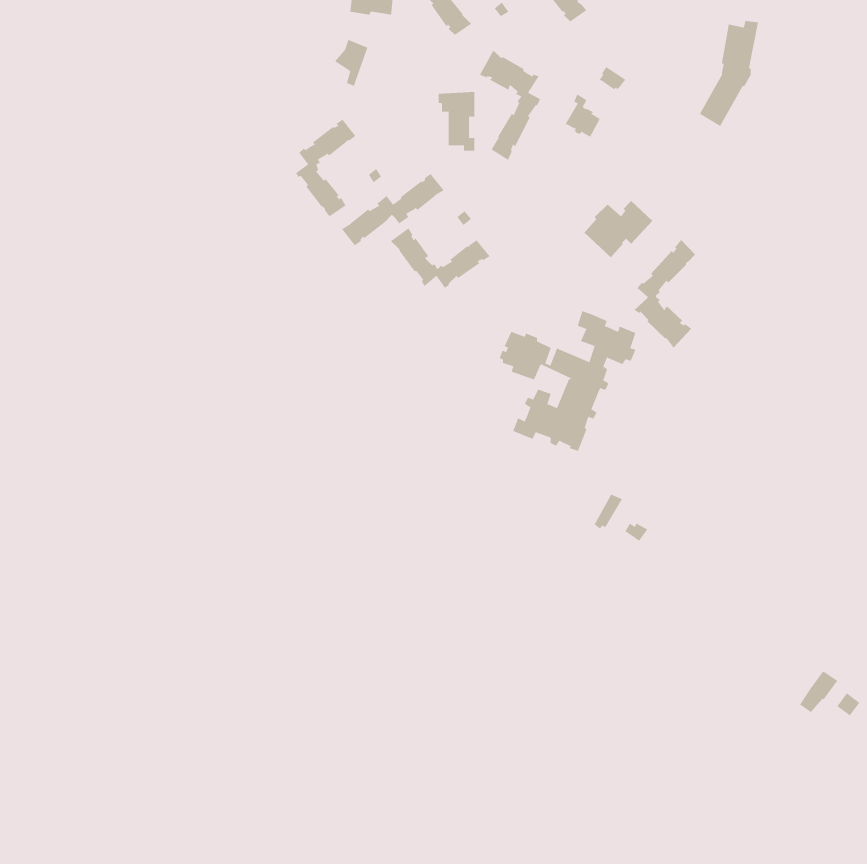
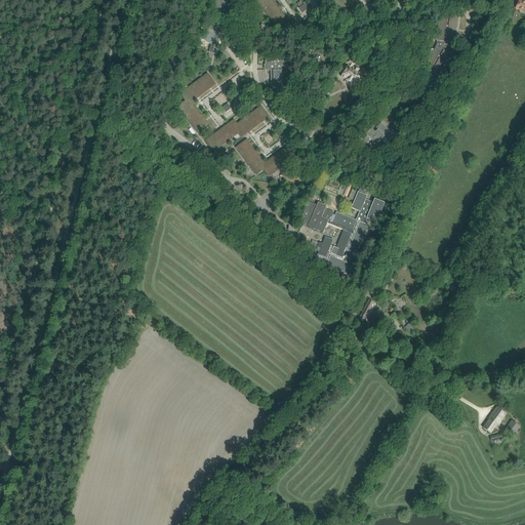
building: [479,50,541,161] -> none
building: [634,239,696,349] -> none

